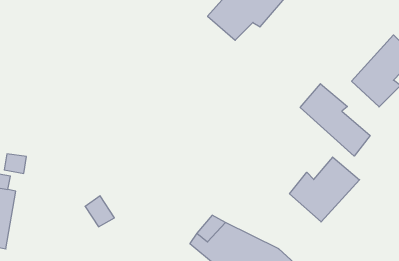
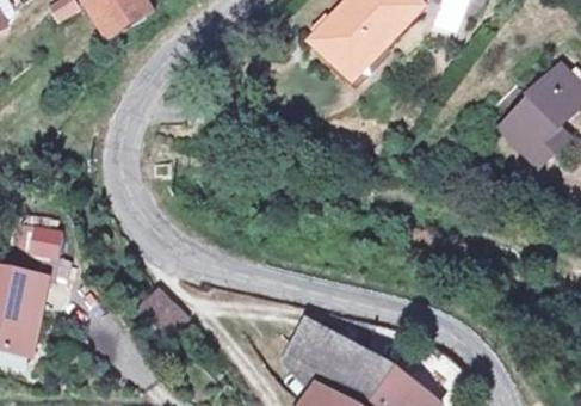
building: [300,84,370,156] -> none
building: [290,157,360,222] -> none

